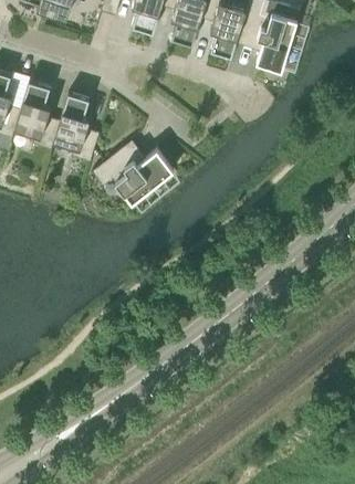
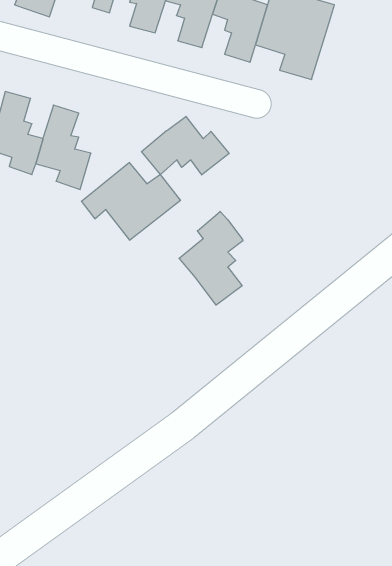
building: none -> [142,116,229,175]
building: none -> [179,211,243,305]

